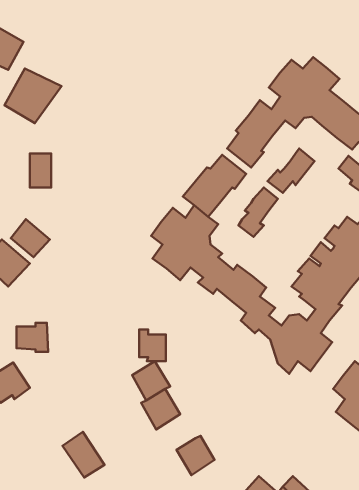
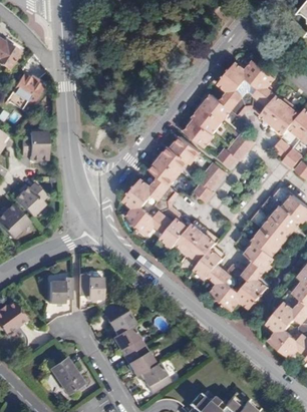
building: [16,323,48,352] -> [46,277,71,300]
building: [139,329,166,361] -> [79,272,100,297]
building: none -> [125,344,157,375]

